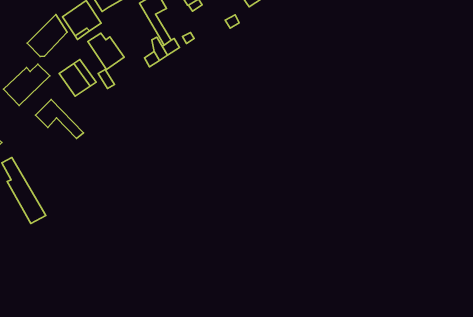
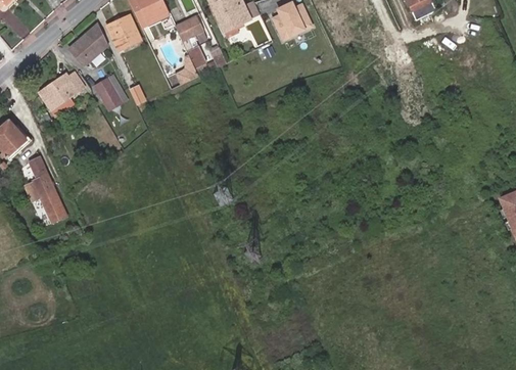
building: [88,33,124,69] -> none
building: [35,100,83,138] -> none

